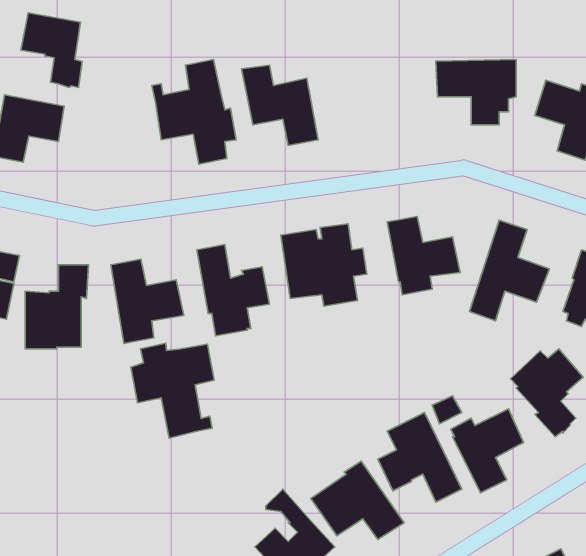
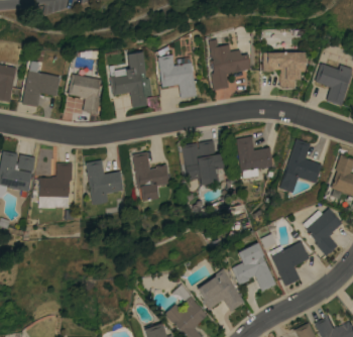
building: [21,13,82,88] -> [68,74,101,114]
building: none -> [207,39,253,90]
building: [131,343,214,438] -> none

